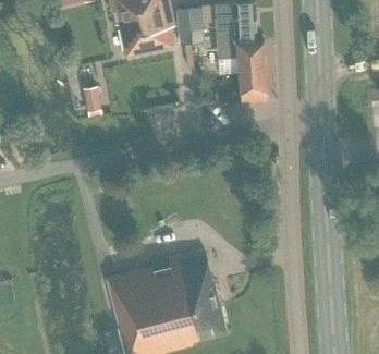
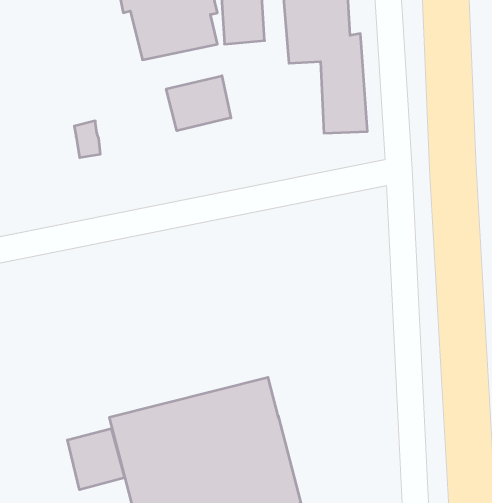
building: none -> [166,76,231,131]
building: none -> [67,429,125,490]

